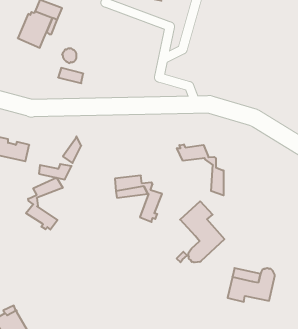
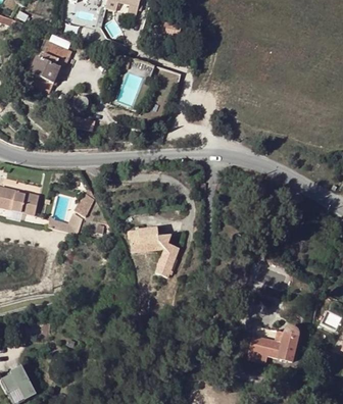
building: [177,144,224,195] -> none
building: [26,178,63,230] -> none
building: [180,201,224,262] -> none

